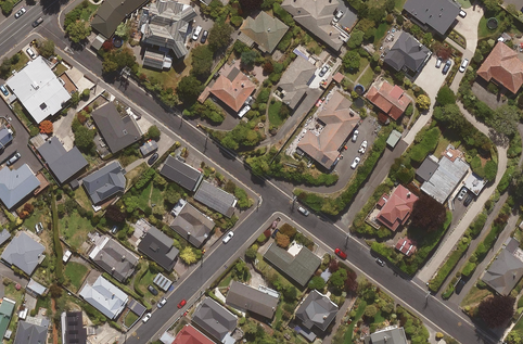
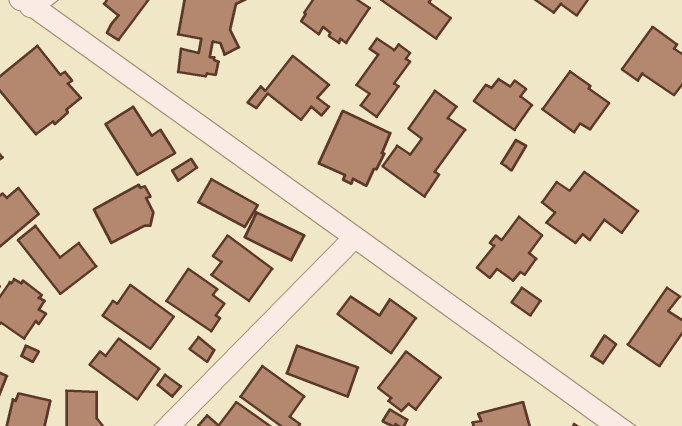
building: [383,31,433,77] -> [542,71,609,132]
building: none -> [319,111,390,186]
building: [30,130,89,181] -> [18,226,96,294]

